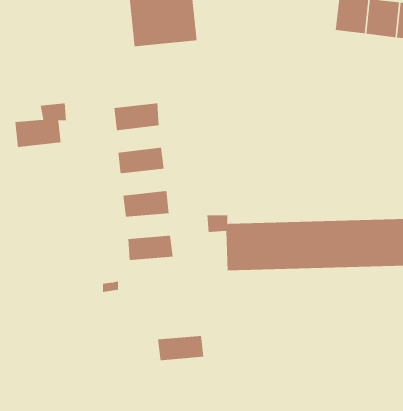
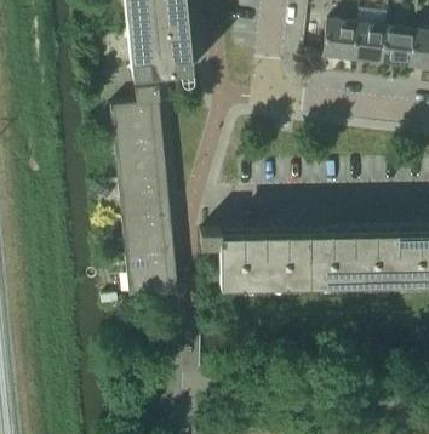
building: [15,103,67,147] -> [111,86,161,129]
building: none -> [116,145,160,171]
building: none -> [120,187,165,212]
building: none -> [125,229,168,253]
building: [157,335,204,361] -> [128,270,173,295]

